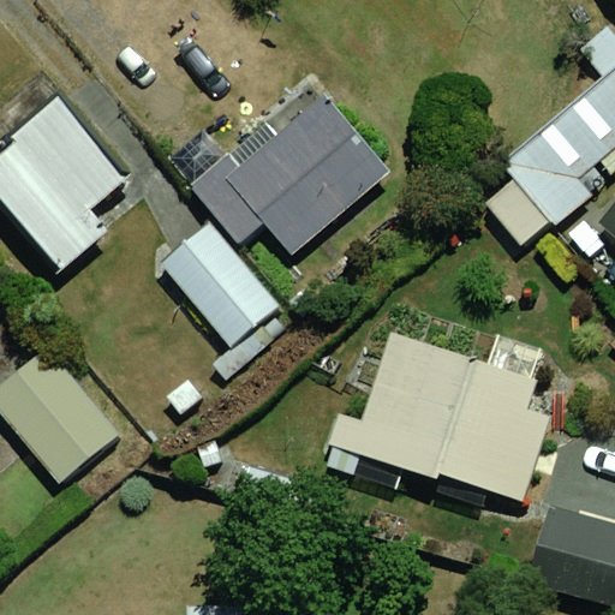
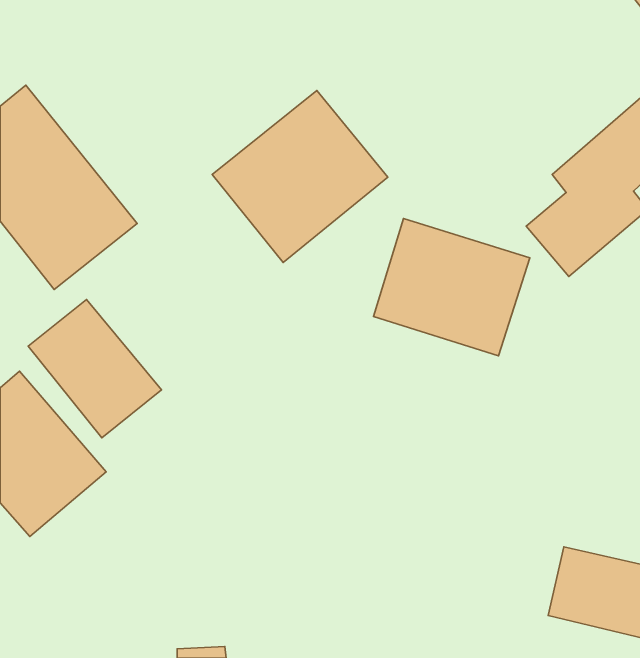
building: none -> [374,219,530,356]
building: [156,222,280,351] -> [28,299,161,438]
building: [346,330,550,503] -> none

